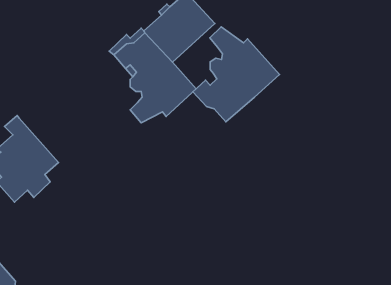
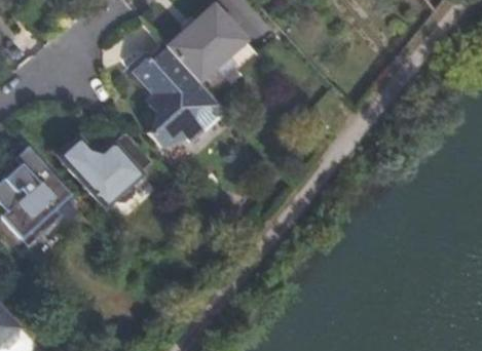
building: [193,27,279,122] -> none
building: none -> [57,132,151,207]

